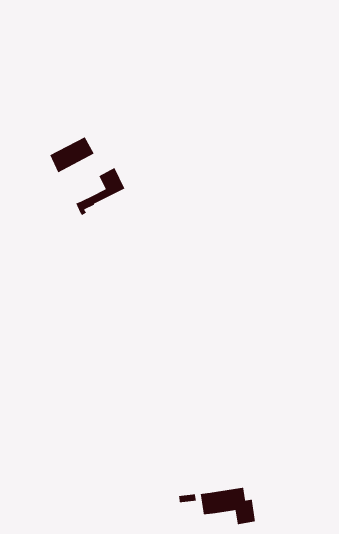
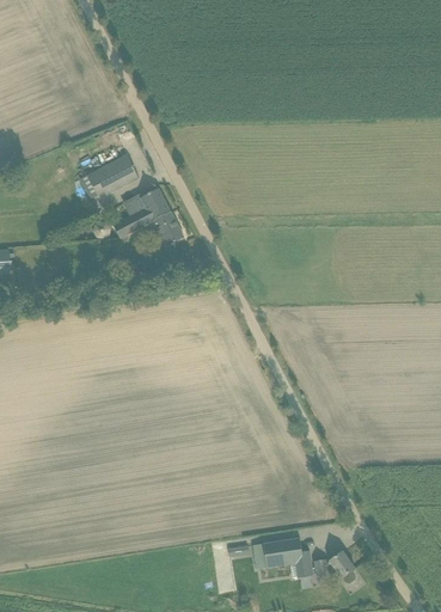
building: none -> [136,210,183,245]
building: none -> [314,550,355,581]

